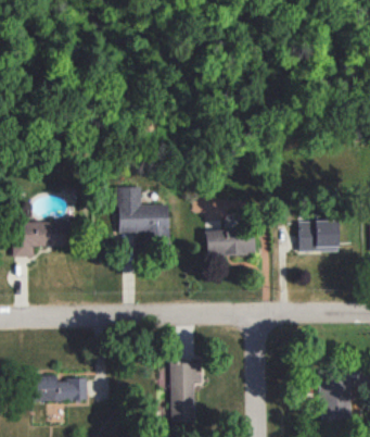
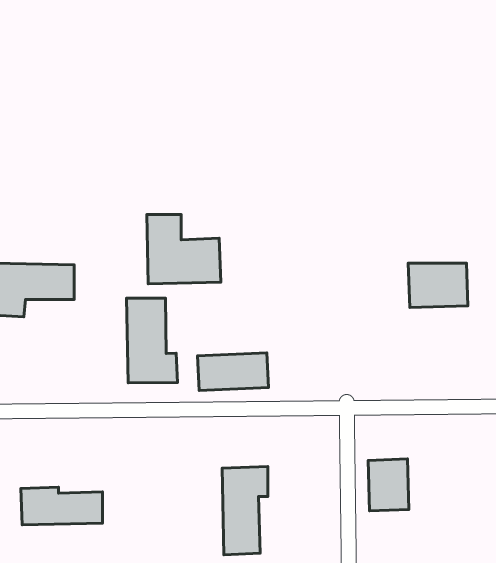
building: [206,228,255,254] -> [198,353,269,390]
building: none -> [126,298,177,383]
building: [323,383,352,419] -> [368,459,409,511]

